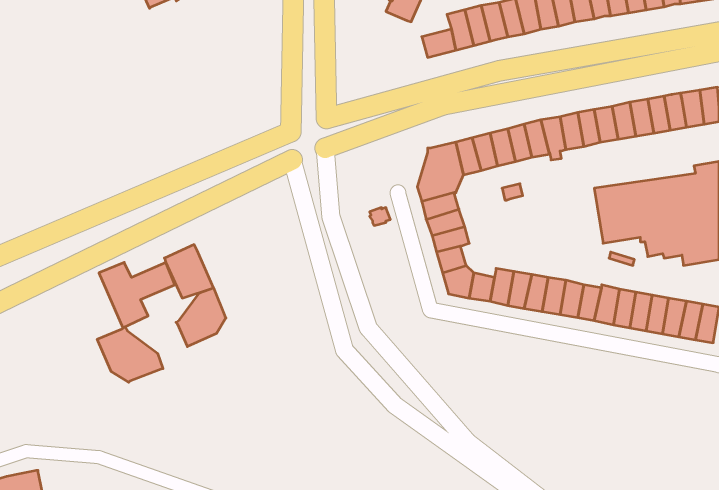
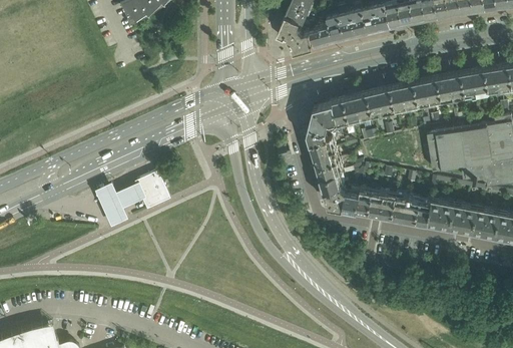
building: none -> [280,15,316,52]
building: [176,288,226,347] -> none
building: [97,327,163,382] -> none

